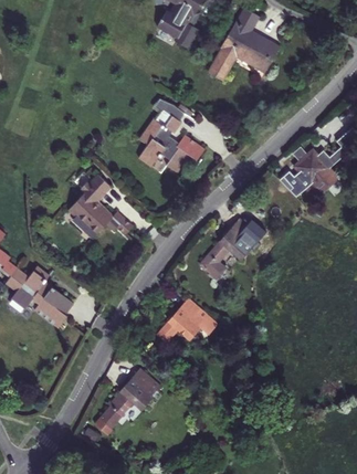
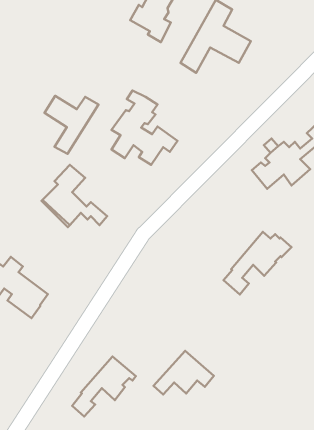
building: none -> [45,96,99,154]
building: [199,215,267,278] -> [223,232,291,294]
building: [156,297,217,341] -> [153,351,214,395]

